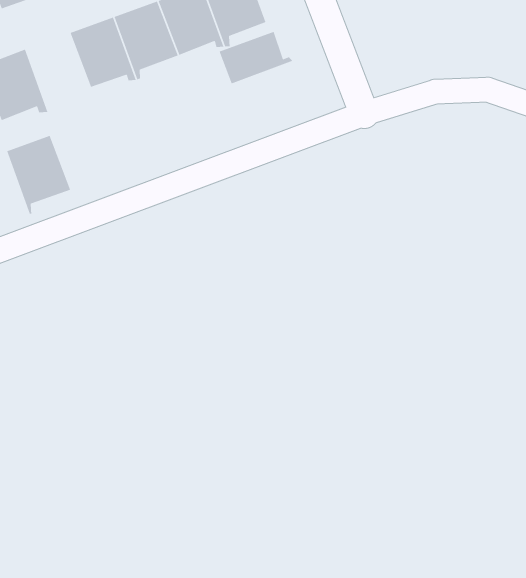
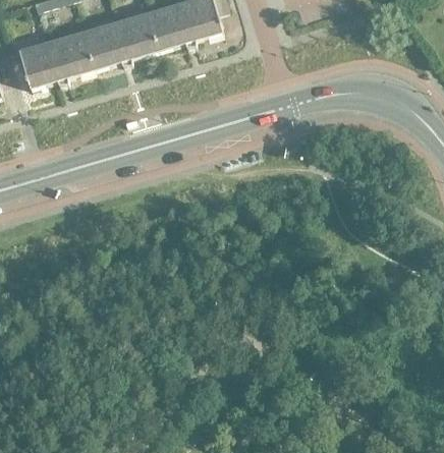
building: [218,31,294,85] -> none
building: [6,135,71,215] -> [50,31,94,86]

